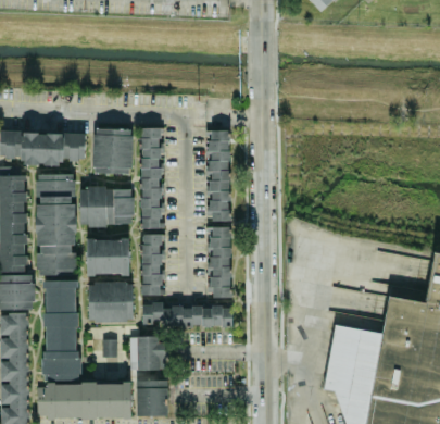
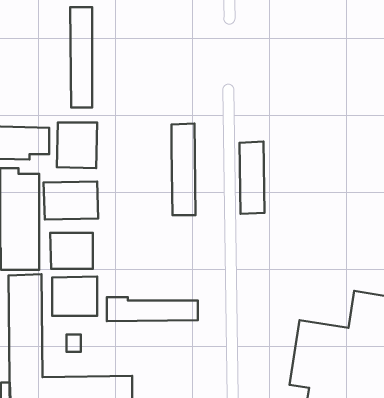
building: [139,127,161,227] -> [70,7,92,108]
building: [206,226,231,298] -> [239,142,265,214]
building: [141,234,162,295] -> none
building: [129,336,166,370] -> none

